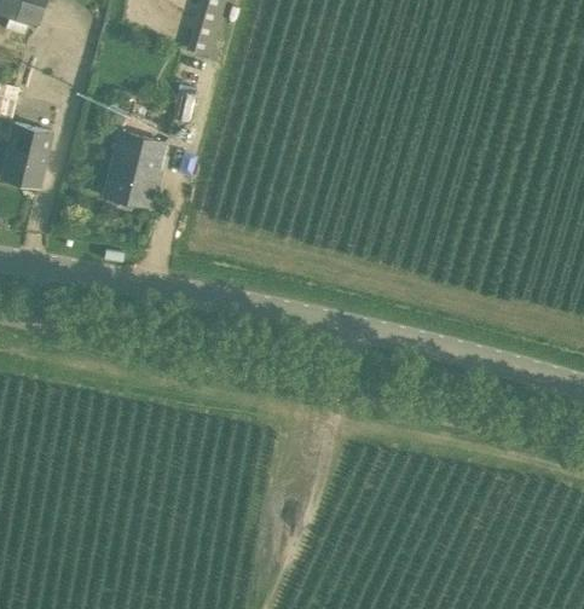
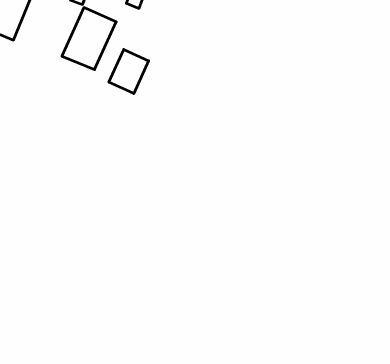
building: none -> [109,49,149,94]

